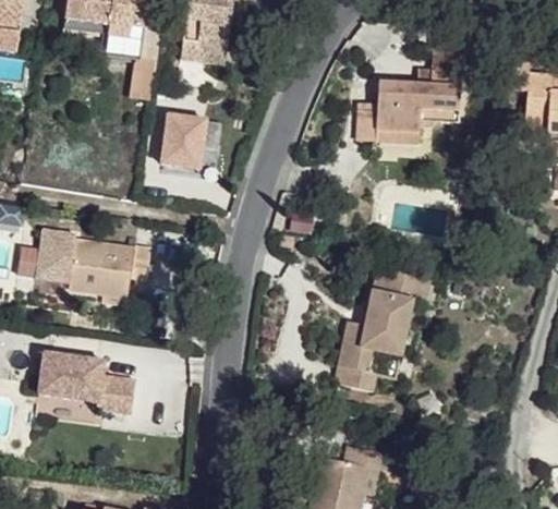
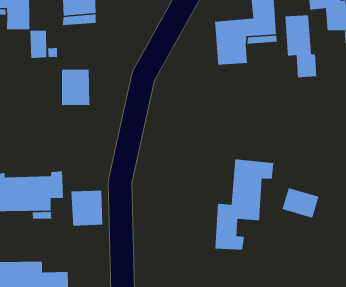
building: none -> [284,14,317,78]
building: none -> [71,190,103,226]
building: none -> [282,187,320,219]

